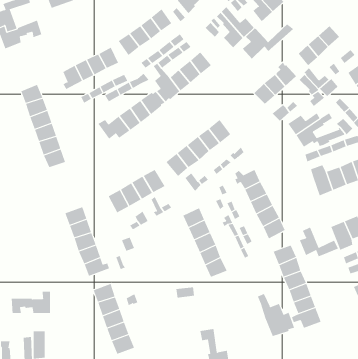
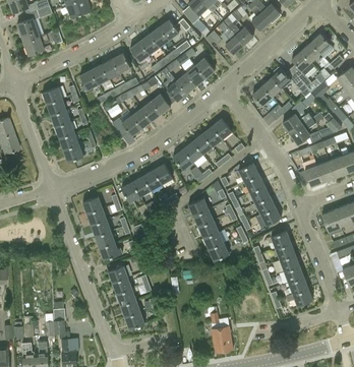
building: [242,23,294,59] -> none
building: [299,227,339,257] -> none
building: [11,291,51,314] -> none
building: [257,293,295,337] -> none

